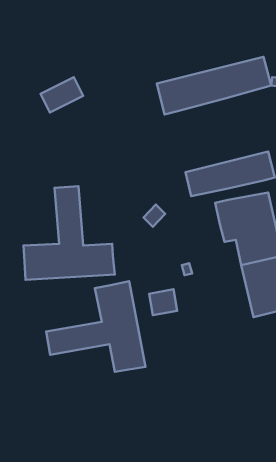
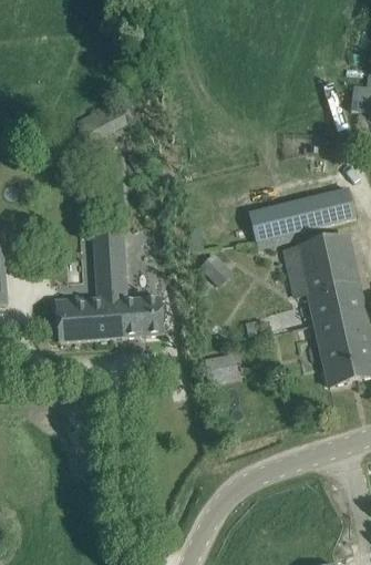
building: [157,57,271,114] -> none
building: [46,281,146,372] -> none

